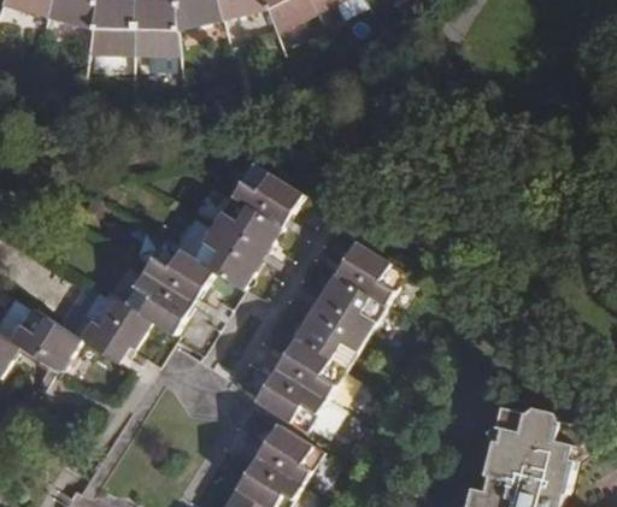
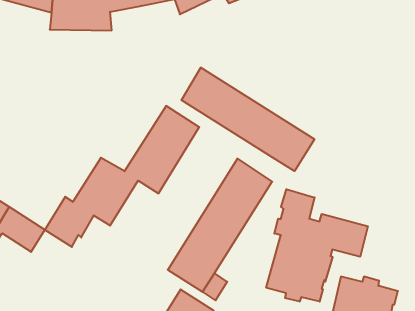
building: none -> [181,67,314,171]
building: none -> [266,189,368,302]

